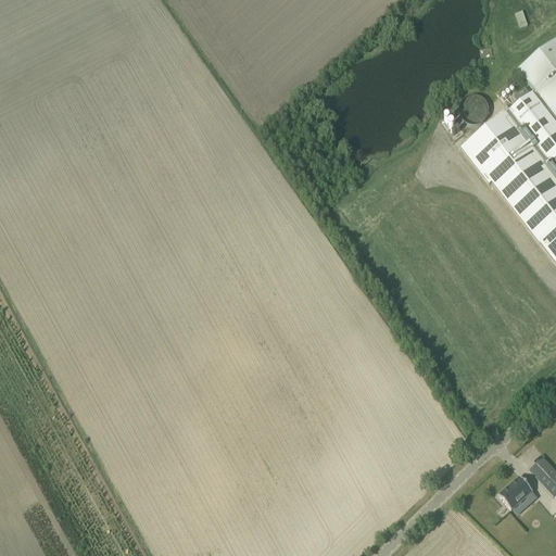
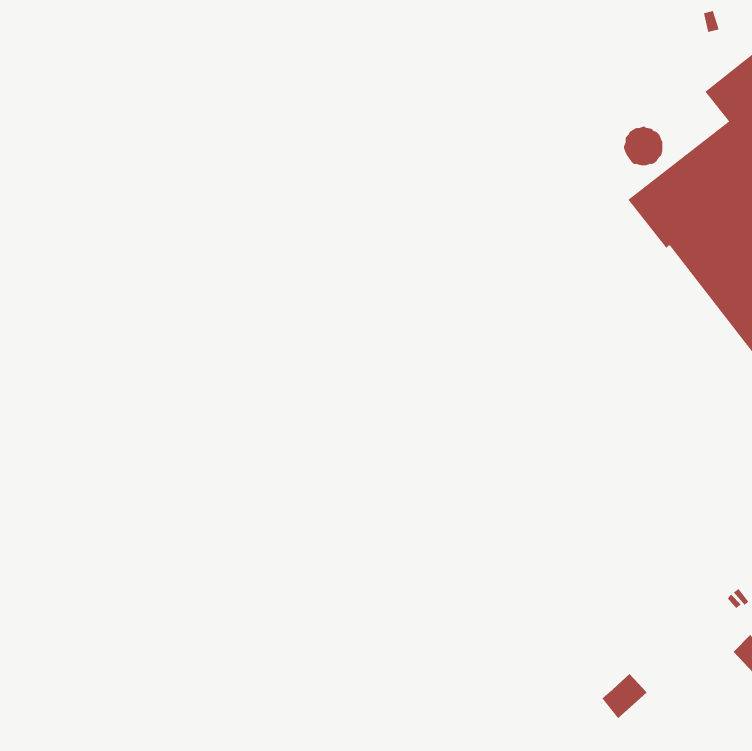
building: [502,475,535,508] -> [601,673,647,719]

